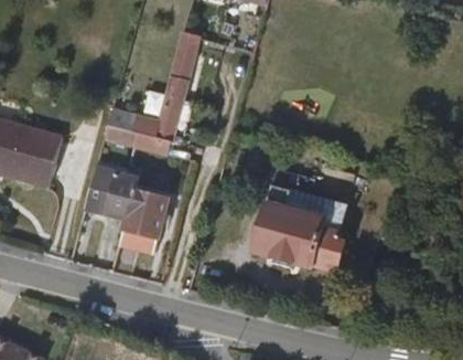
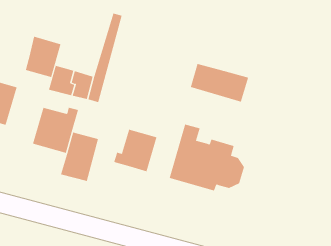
building: none -> [25,36,61,78]
building: none -> [190,63,249,102]
building: none -> [114,129,157,172]

